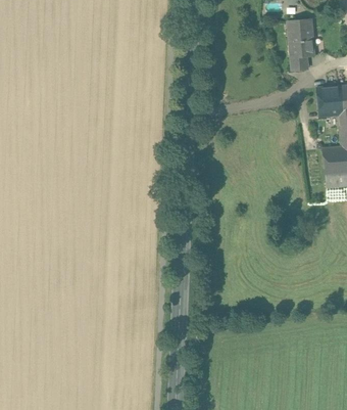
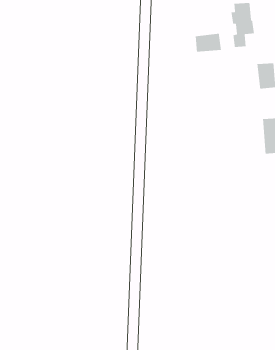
building: none -> [195,33,222,53]

